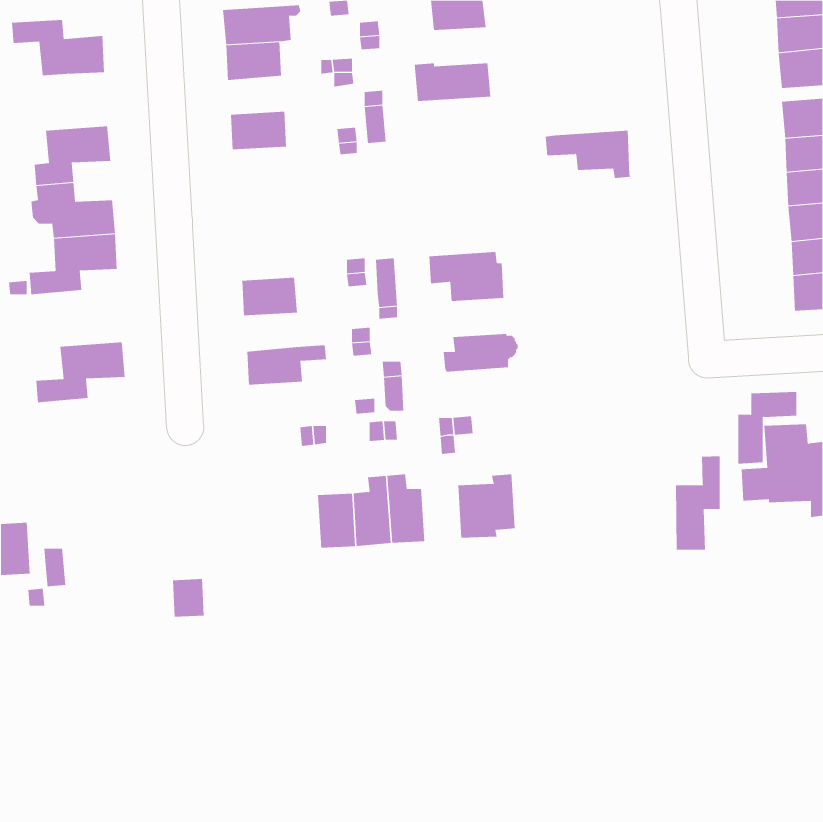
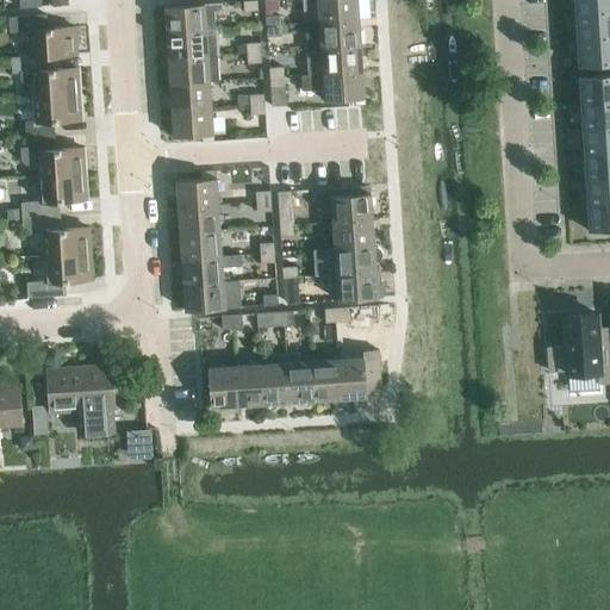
building: none -> [311,21,361,50]
building: none -> [12,56,80,98]
building: none -> [164,57,219,86]
building: [545,130,632,179] -> [301,73,366,108]
building: none -> [172,110,213,138]
building: none -> [176,180,218,208]
building: none -> [23,216,91,257]
building: none -> [334,222,375,250]
building: none -> [180,232,222,261]
building: none -> [330,273,385,301]
building: none -> [183,284,241,312]
building: [676,456,720,550] -> none
building: none -> [312,360,341,402]
building: none -> [49,367,112,432]
building: none -> [208,367,237,409]

